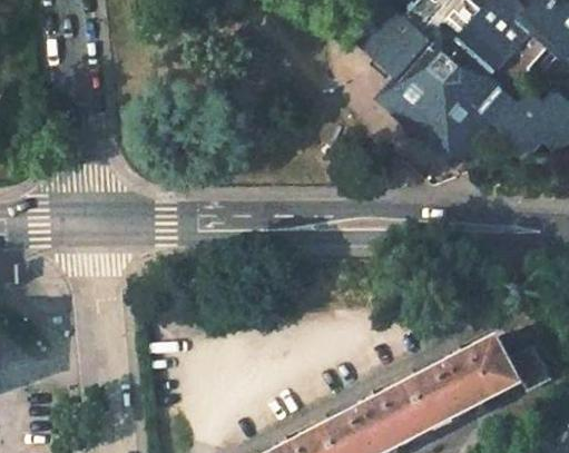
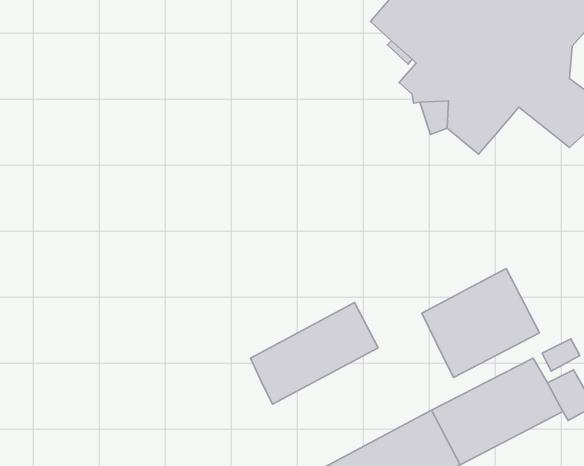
building: none -> [422,269,539,377]
building: none -> [251,303,378,404]

